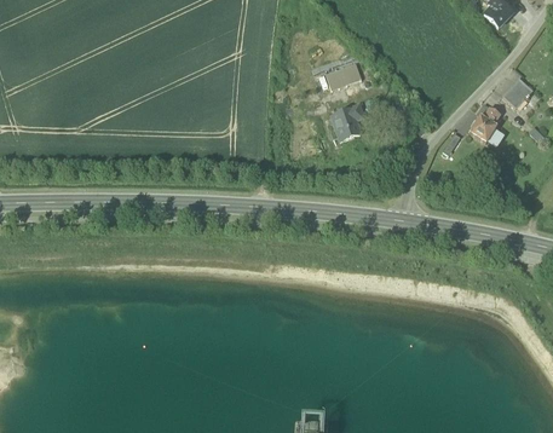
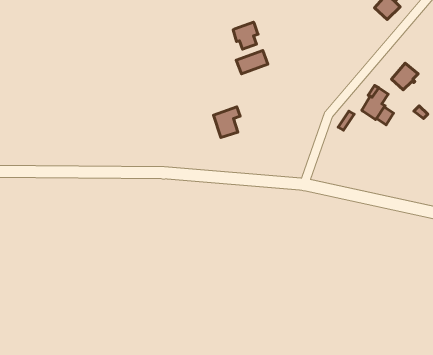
building: none -> [233,22,258,49]
building: [332,104,362,139] -> [213,107,240,138]

